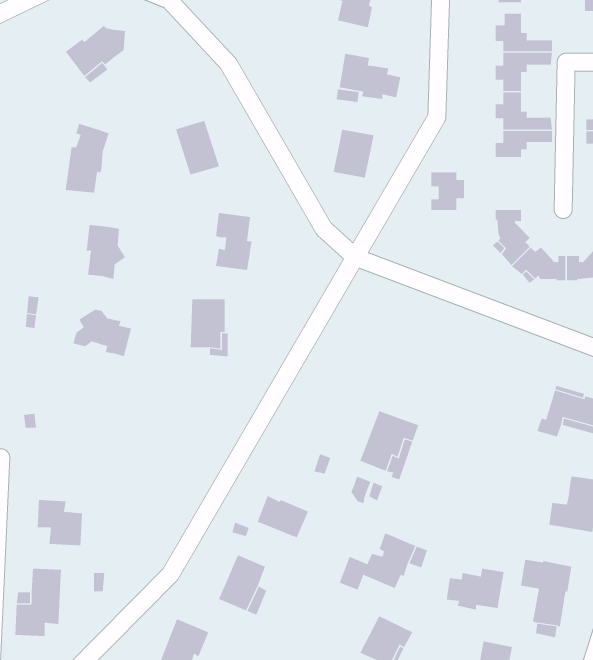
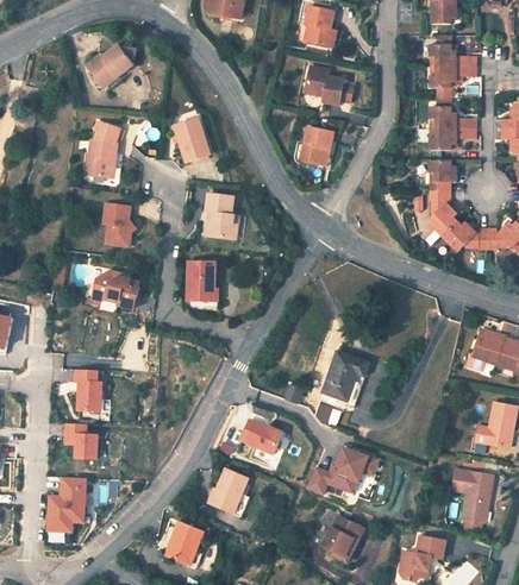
building: [431,172,465,211] -> [430,159,457,190]
building: none -> [73,370,101,411]
building: [446,568,504,611] -> none

